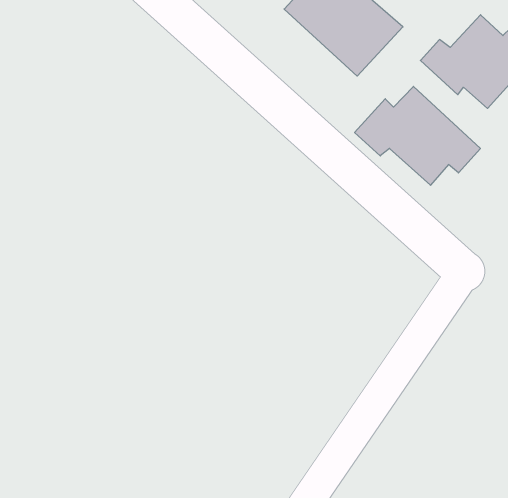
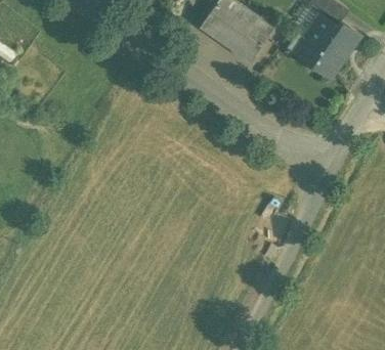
building: [355,86,480,185] -> none

